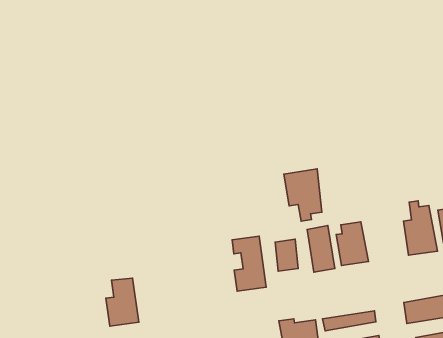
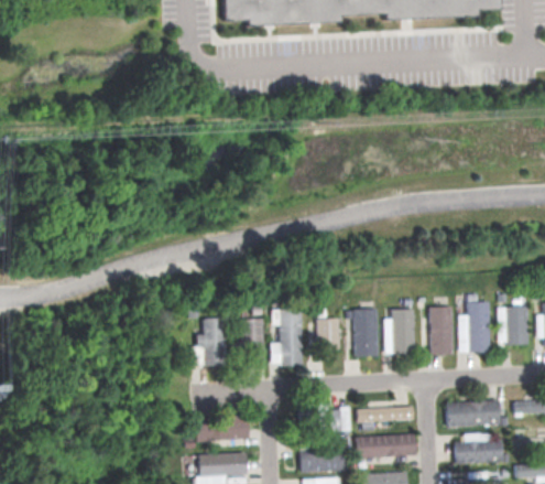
building: [284,169,322,221] -> none
building: none -> [429,305,453,354]
building: none -> [240,319,263,361]
building: [106,278,139,326] -> [194,315,226,365]

